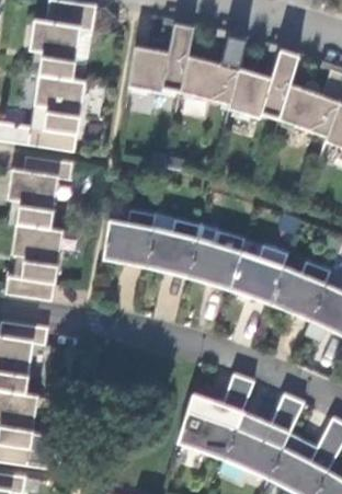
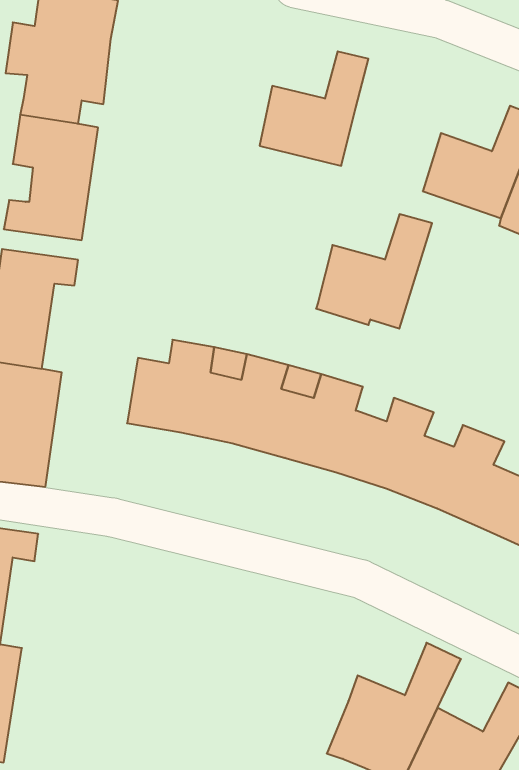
building: [128,23,195,92] -> none
building: [230,50,300,119] -> [316,214,432,329]
building: [176,372,254,459] -> none

